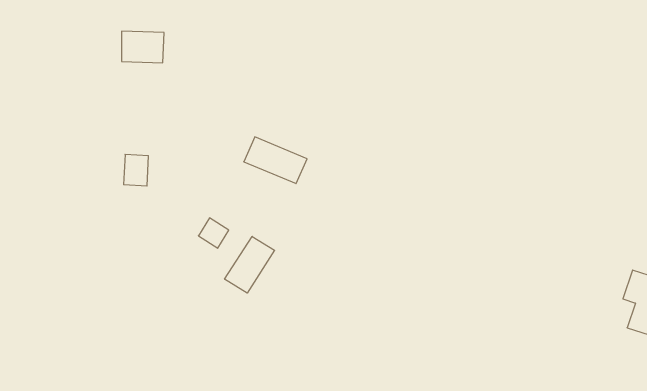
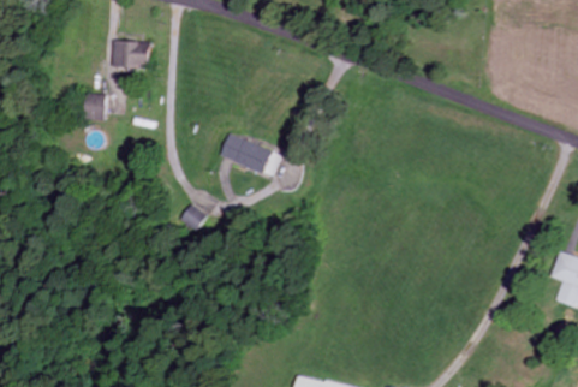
building: [124,154,148,186] -> [83,94,105,121]
building: [225,236,275,293] -> none

